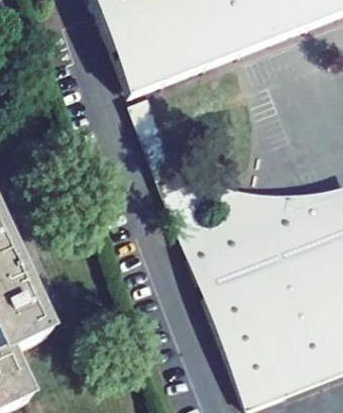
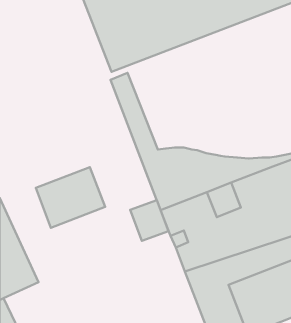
building: none -> [36,167,105,228]
building: none -> [130,200,168,241]

